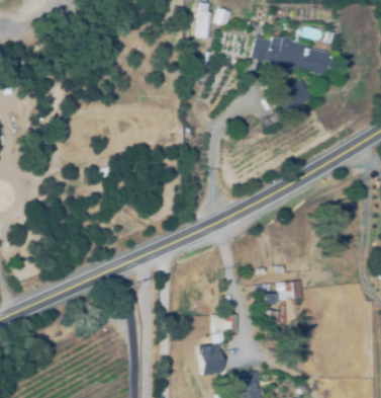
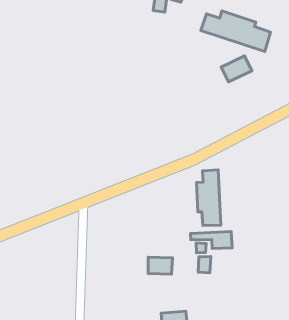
building: none -> [196,170,221,226]
building: [197,344,222,375] -> none

